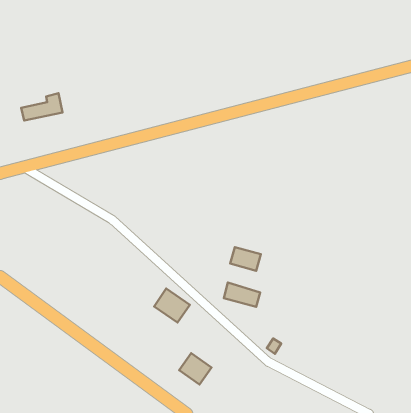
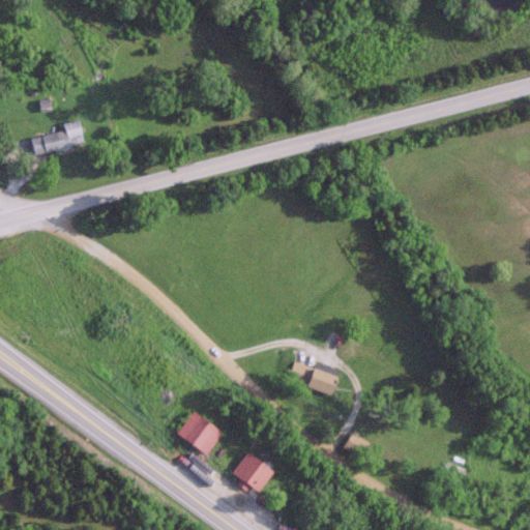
building: [230,247,261,271] -> none
building: [154,289,190,323] -> [178,411,224,454]

